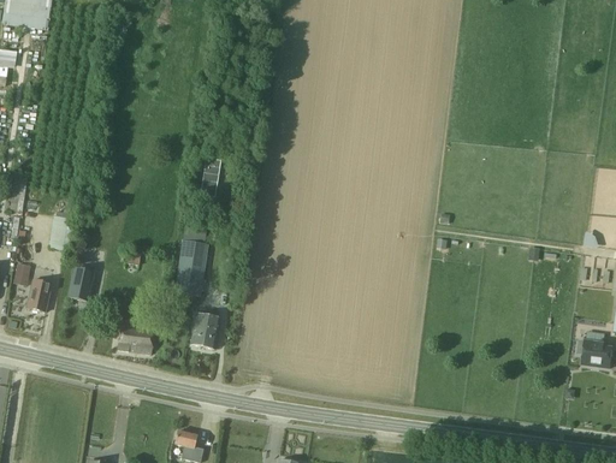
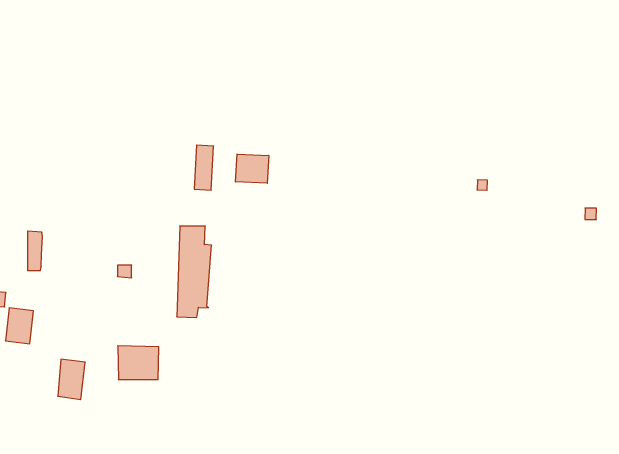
building: none -> [236,154,269,183]
building: [66,266,93,302] -> [58,359,85,400]
building: [190,314,219,349] -> none

